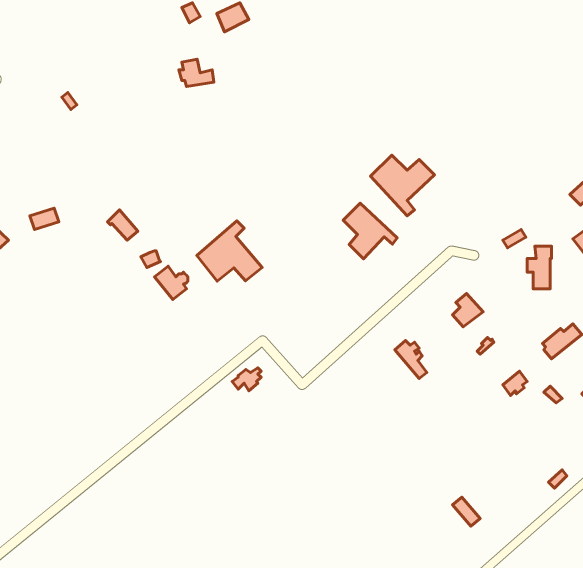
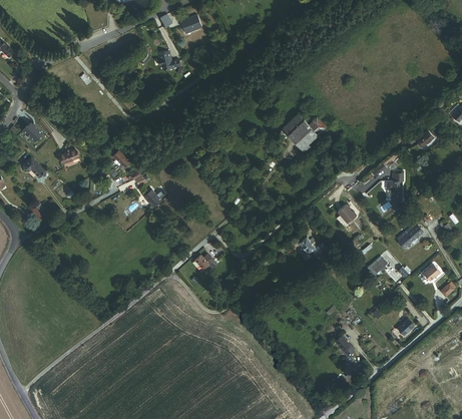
building: [343,203,397,259] -> none
building: [197,221,262,281] -> none

